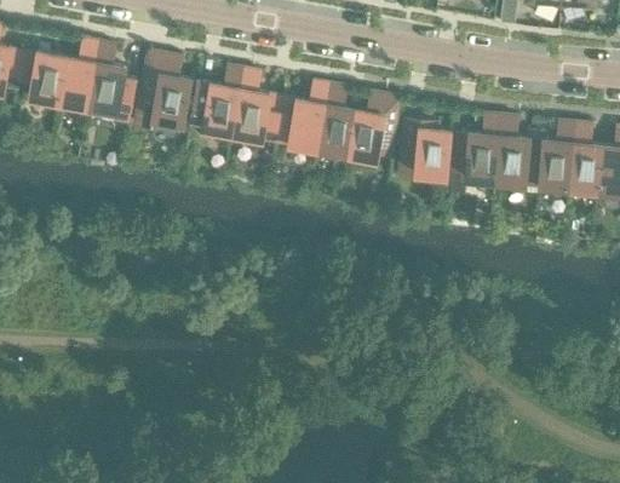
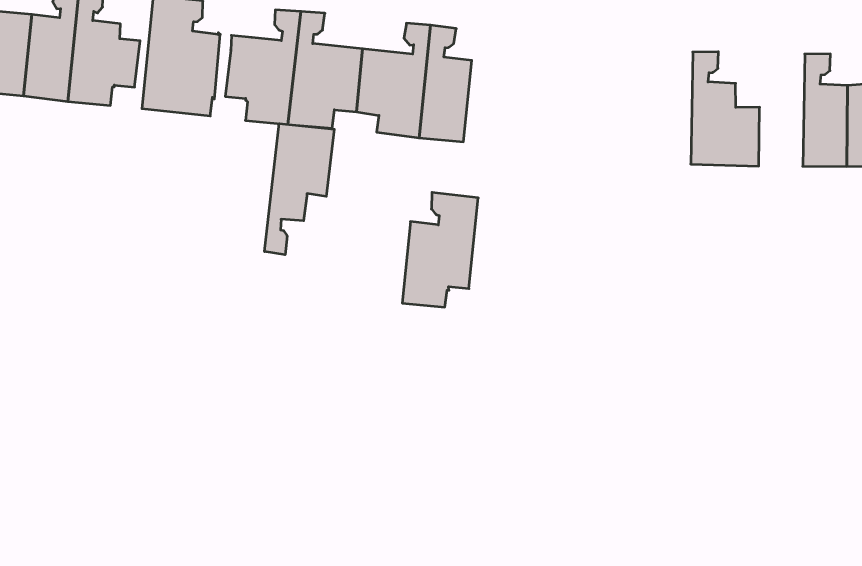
building: [346,90,402,166] -> [402,192,478,307]
building: [450,111,503,189] -> none
building: [400,117,452,176] -> none
building: [528,119,576,195] -> none
building: none -> [265,124,334,255]

